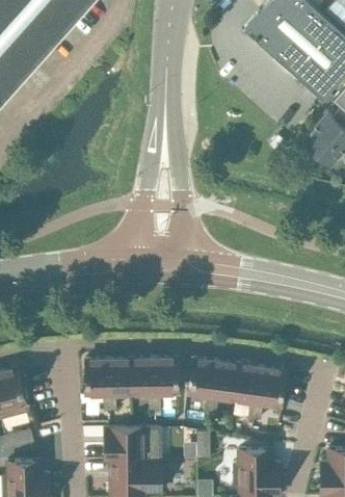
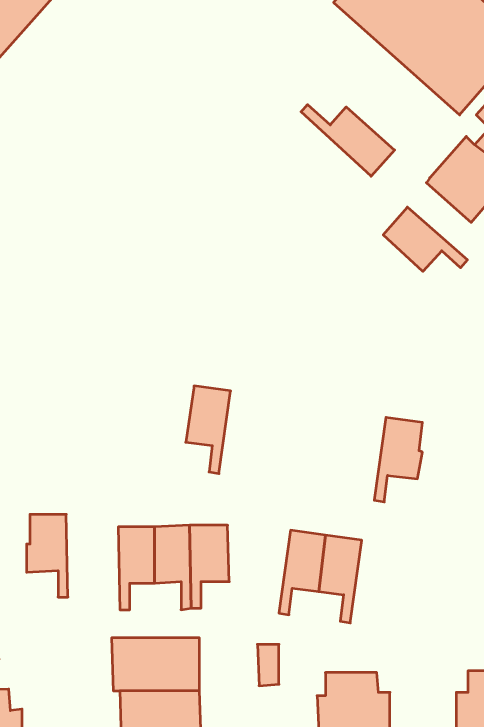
building: none -> [301,105,395,176]
building: none -> [383,207,467,271]
building: [188,359,216,414] -> [186,386,231,474]
building: [83,360,109,412] -> [27,514,68,597]
building: [254,368,284,421] -> [374,417,422,502]

